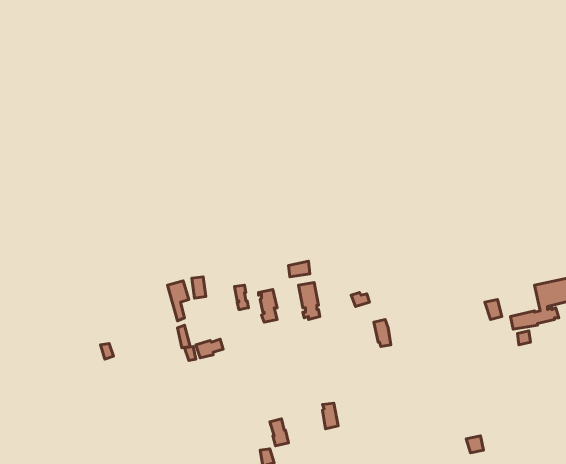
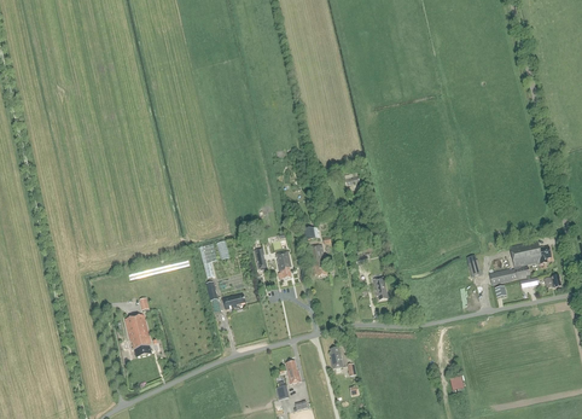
building: none -> [123,314,150,357]

